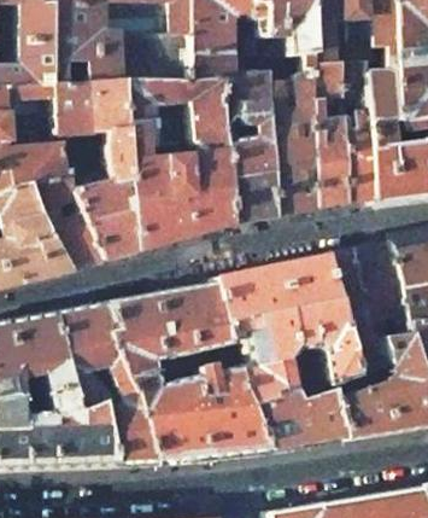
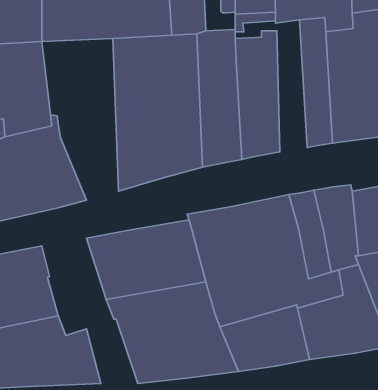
building: [310,62,345,208] -> none
building: [52,82,136,261] -> none
building: [52,303,158,464] -> none

